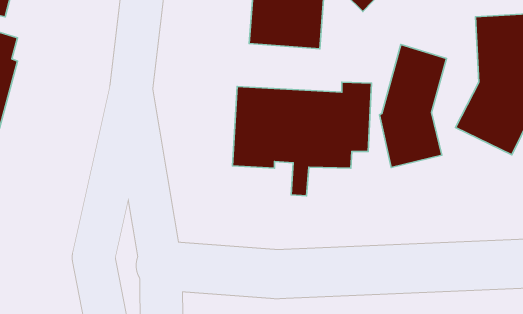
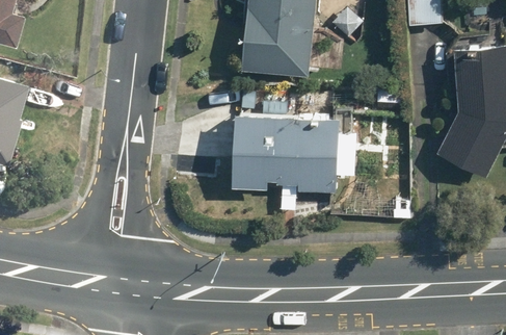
building: [380,45,446,168] -> none

